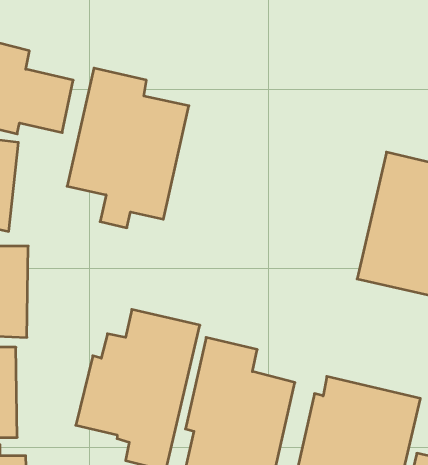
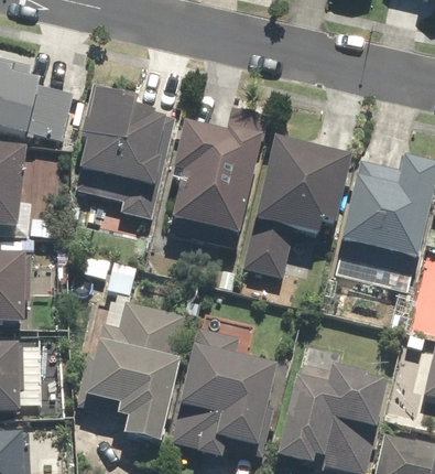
building: none -> [165,107,269,247]
building: none -> [241,139,350,277]

